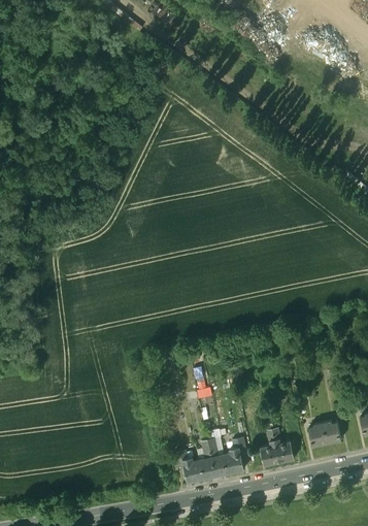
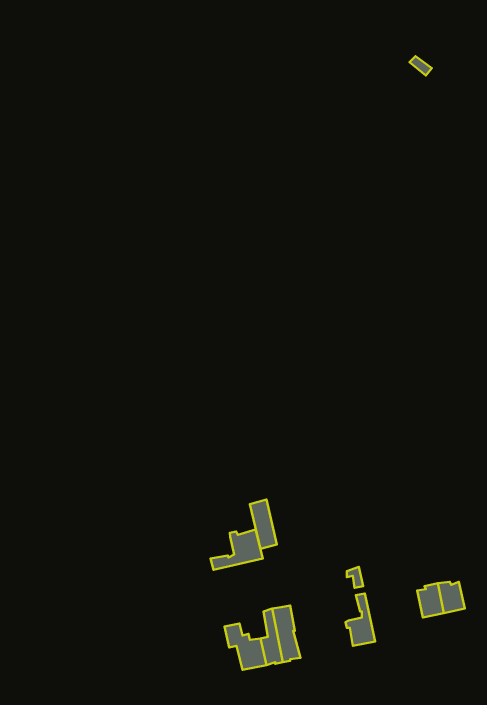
building: none -> [211,530,263,570]
building: [271,428,294,462] -> none
building: [222,437,245,473] -> none

